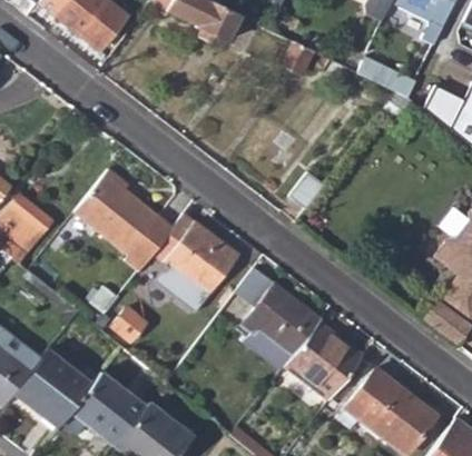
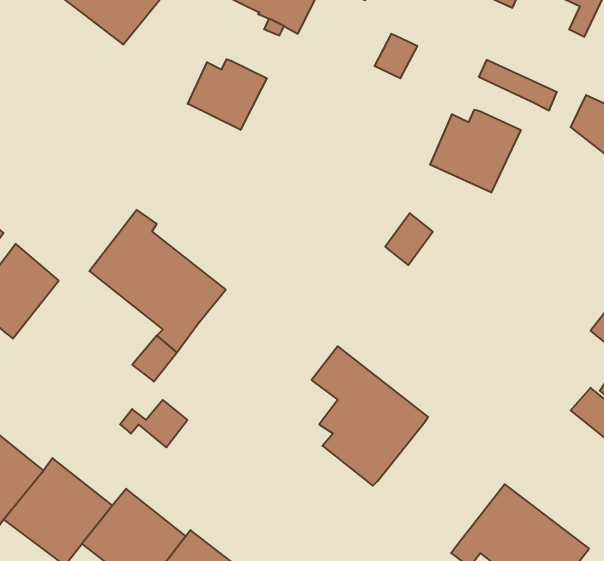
building: none -> [188,59,267,130]
building: none -> [430,110,521,193]
building: [154,212,239,313] -> none
building: [284,323,363,400] -> none

